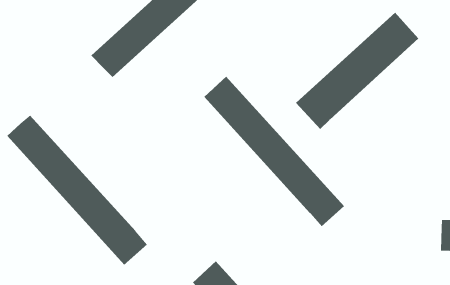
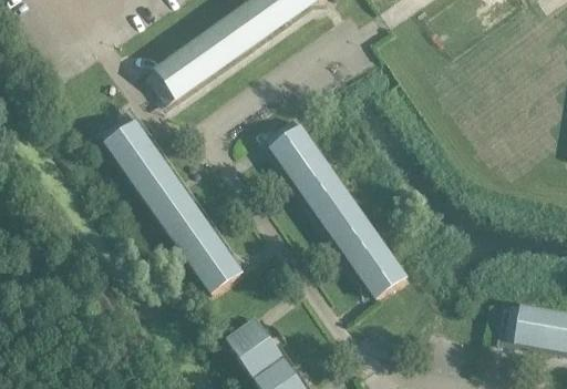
building: [295,12,419,130] -> none
building: [7,115,148,265] -> [100,113,240,291]

